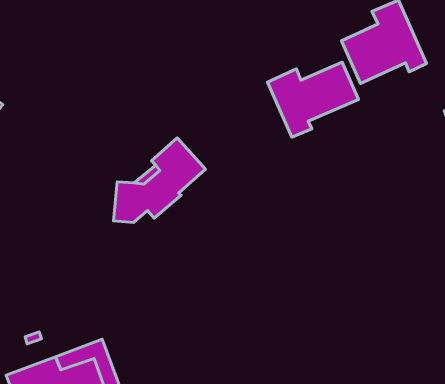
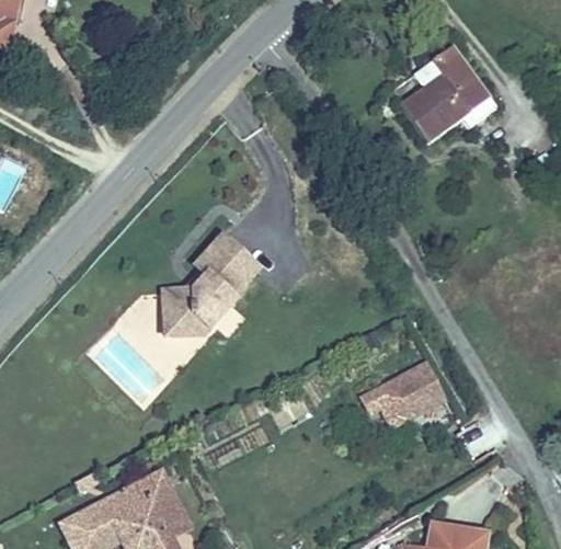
building: [267,62,359,137] -> none
building: none -> [358,366,446,427]

